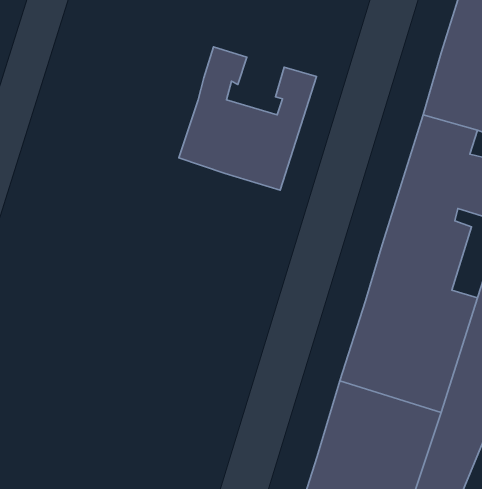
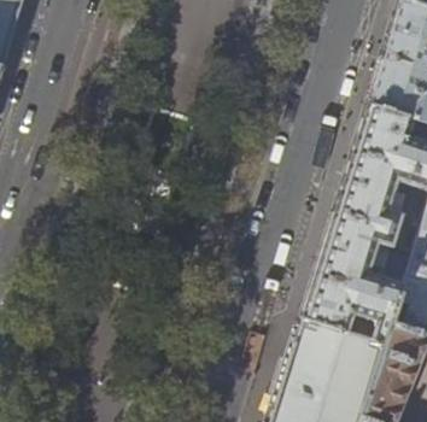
building: [179,47,317,190] -> none

